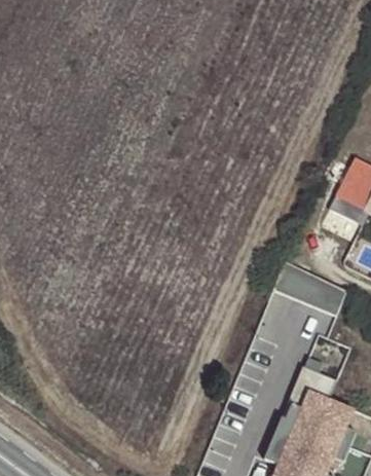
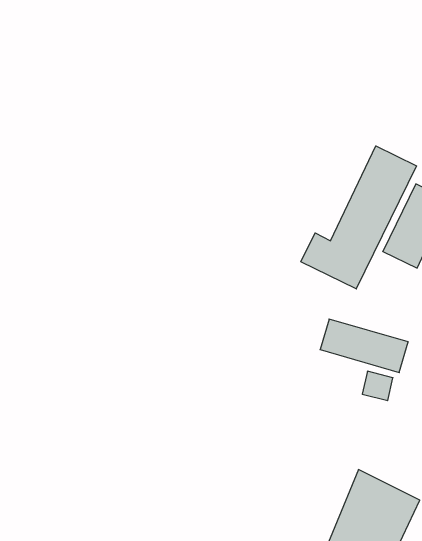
building: none -> [301,146,417,289]

